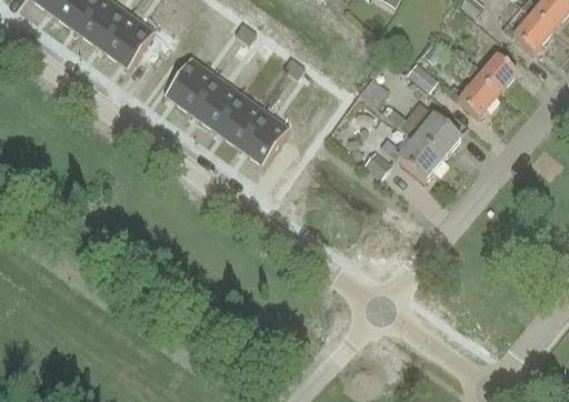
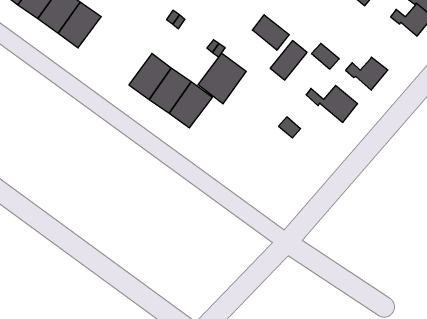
building: none -> [252,15,289,50]
building: [468,54,520,93] -> none
building: [162,56,214,111] -> none
building: none -> [198,53,246,104]
building: [382,133,446,178] -> none

